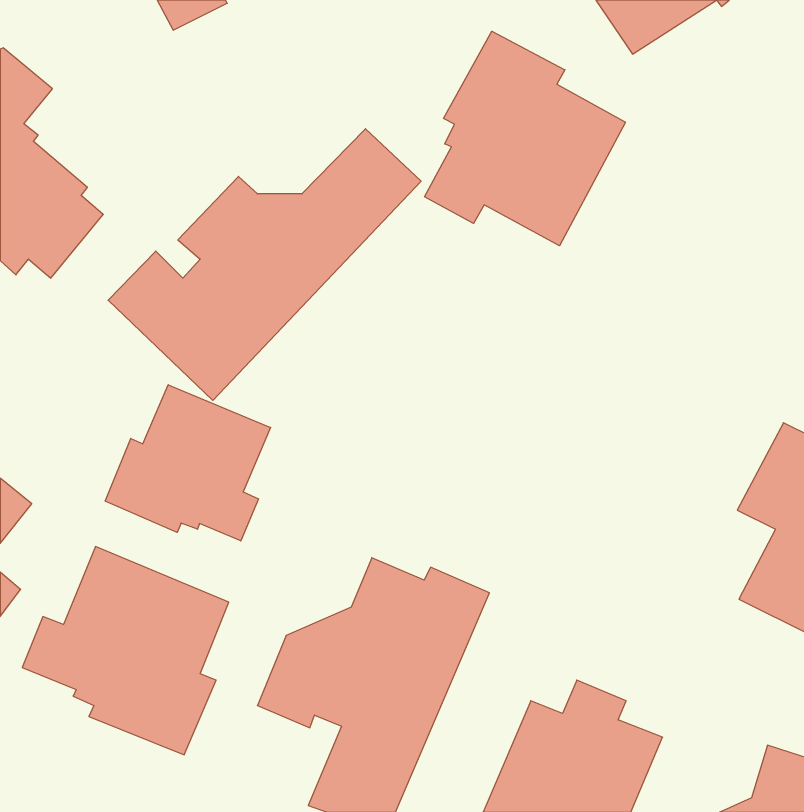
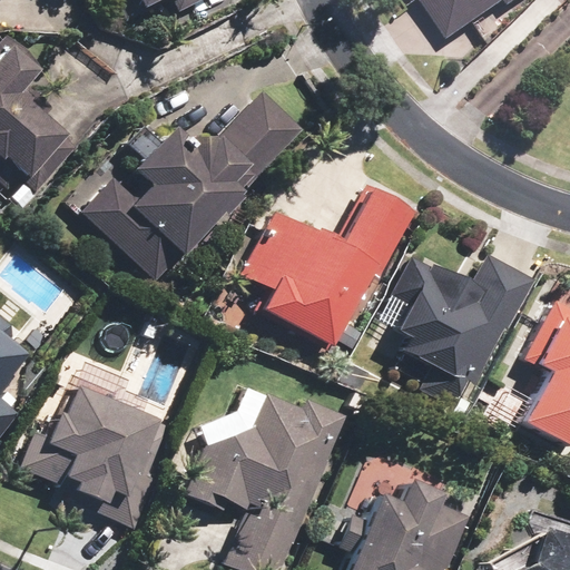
building: [425,31,625,246] -> none
building: none -> [239,185,414,348]
building: none -> [390,256,533,392]
building: [105,385,271,541] -> none

